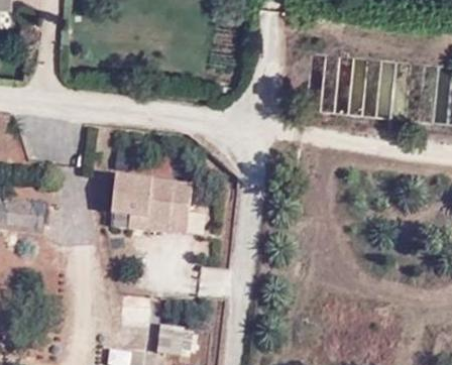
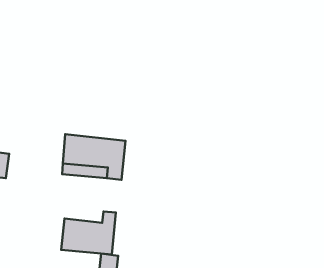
building: none -> [61,212,116,254]

